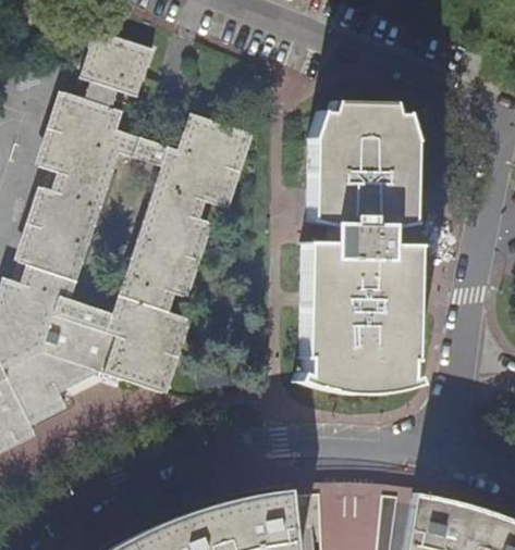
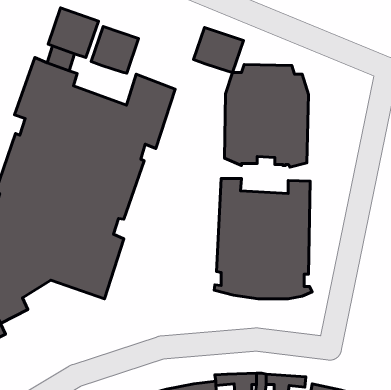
building: none -> [91,27,139,73]
building: none -> [194,27,243,72]
building: [327,217,385,263] -> none

